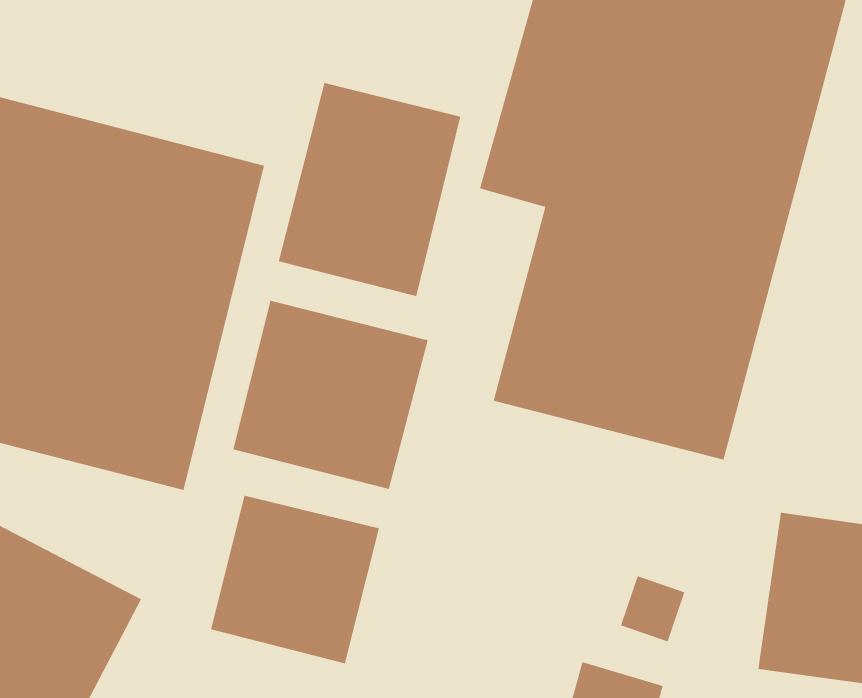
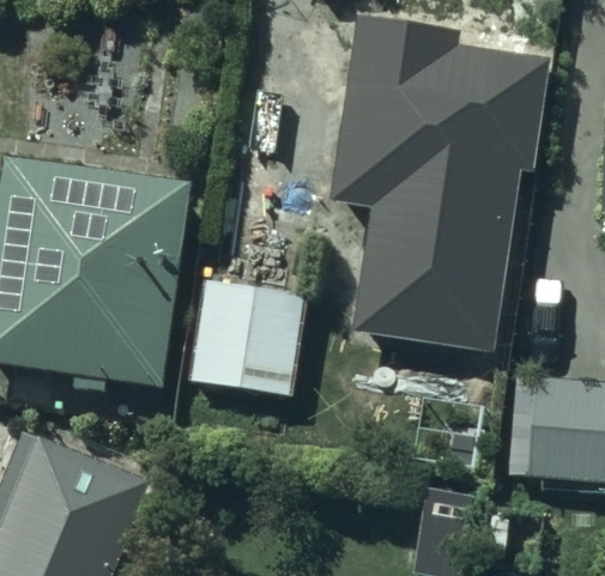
building: [278,82,461,297] -> none
building: [210,495,380,664] -> none

